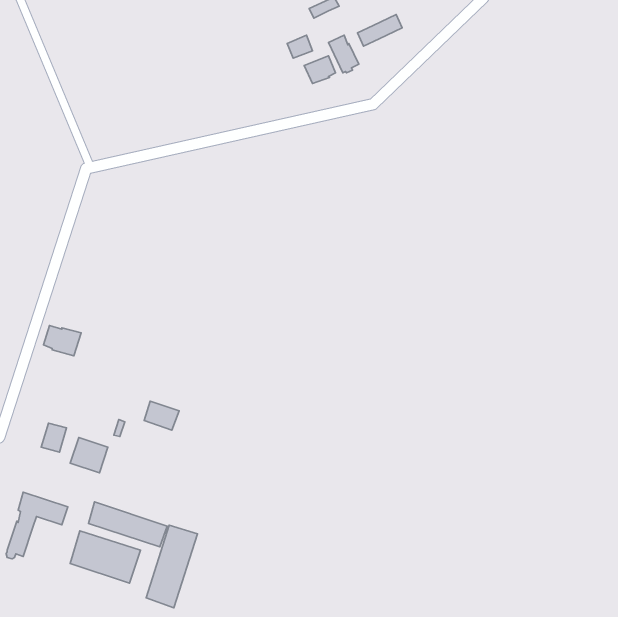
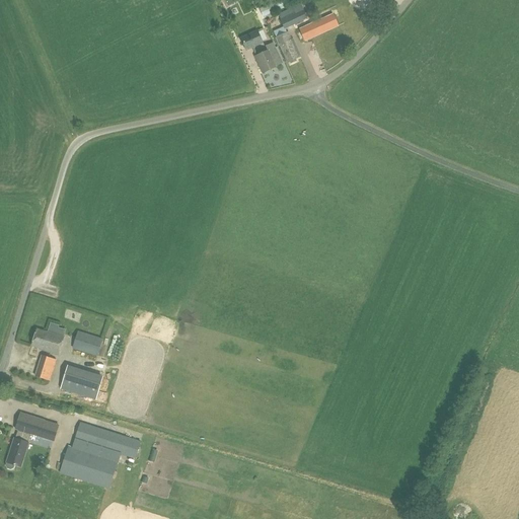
building: none -> [277,5,306,27]
building: [44,326,81,356] -> [31,327,63,353]
building: [144,401,179,430] -> [72,329,101,354]
building: [146,525,198,608] -> none

